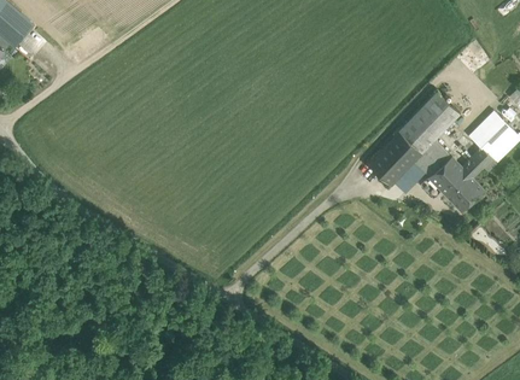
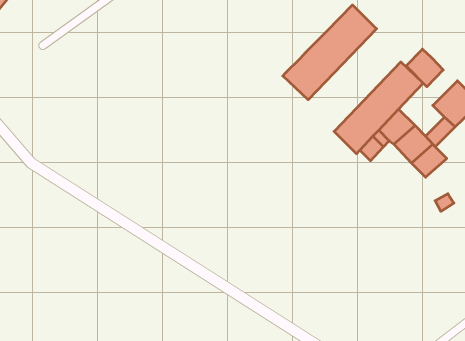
building: none -> [283,5,377,100]
building: none -> [406,49,443,87]

